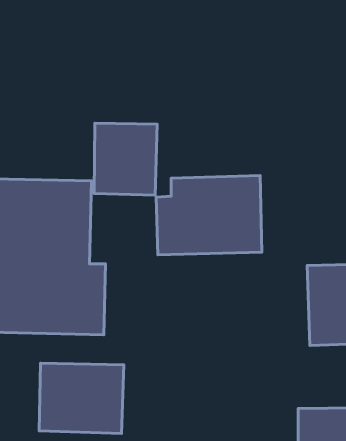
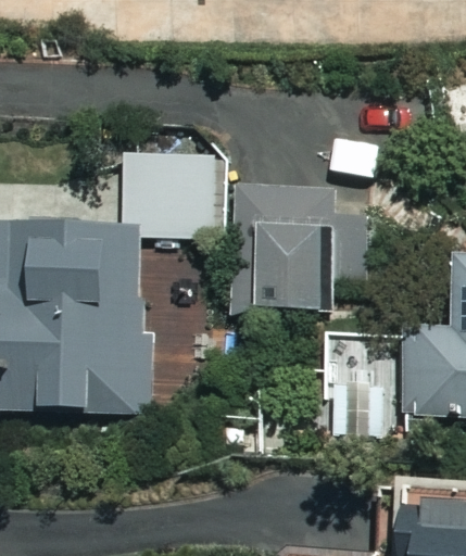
building: none -> [319,327,394,433]
building: [39,363,124,434] -> none

